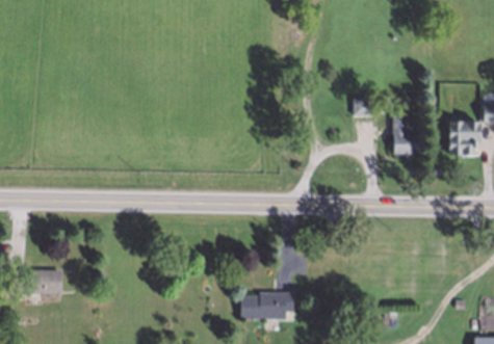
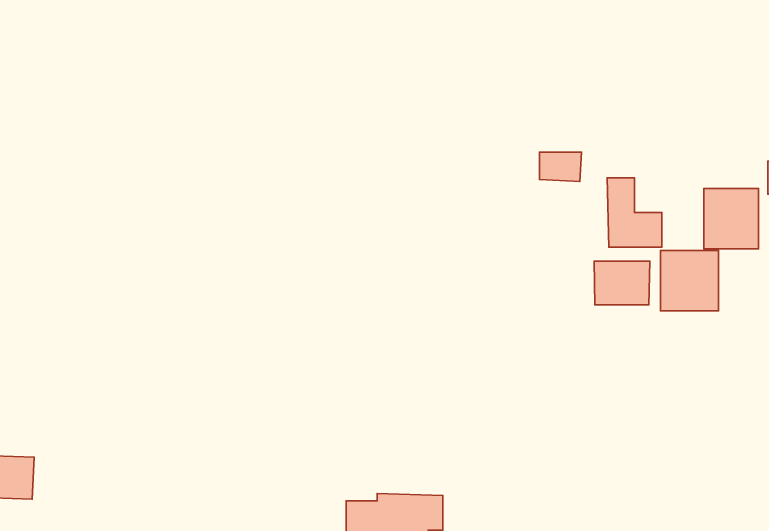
building: none -> [660,250,719,311]
building: none -> [594,261,650,305]

